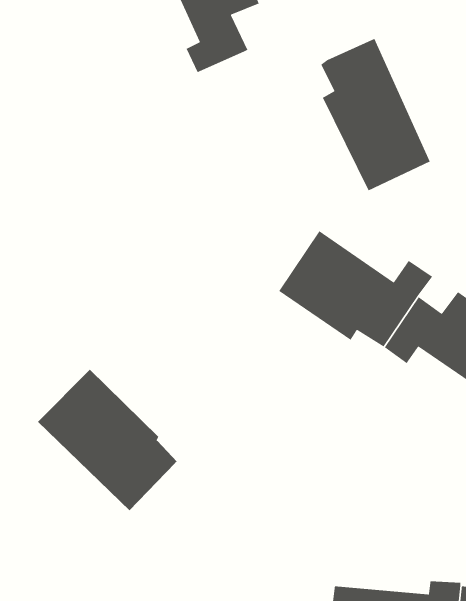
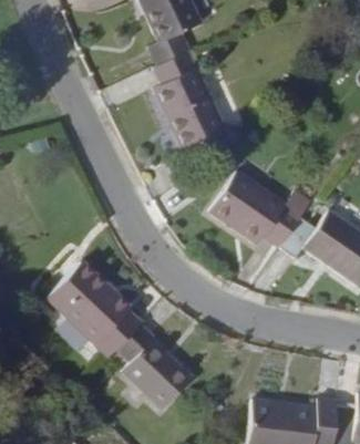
building: [320,38,431,192] -> [154,50,228,153]
building: none -> [112,326,196,411]

